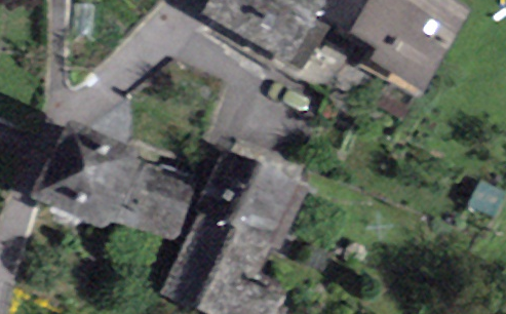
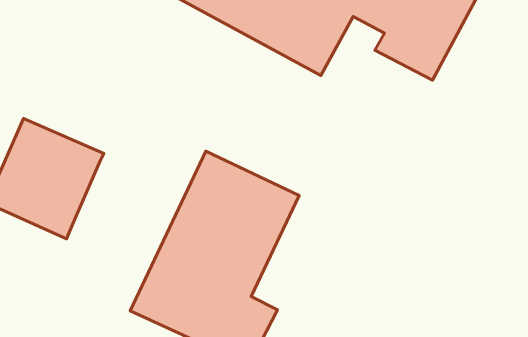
building: [113,159,191,238] -> none

